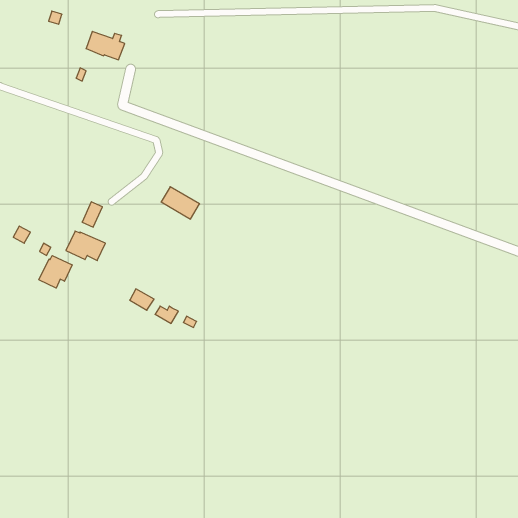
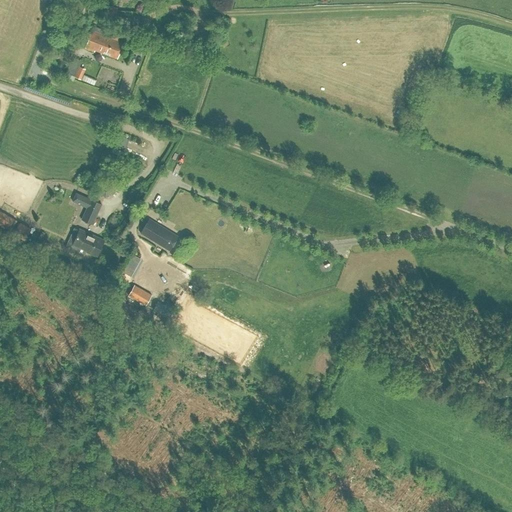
building: [161,187,200,219] -> [140,219,178,251]
building: [39,256,72,288] -> none

